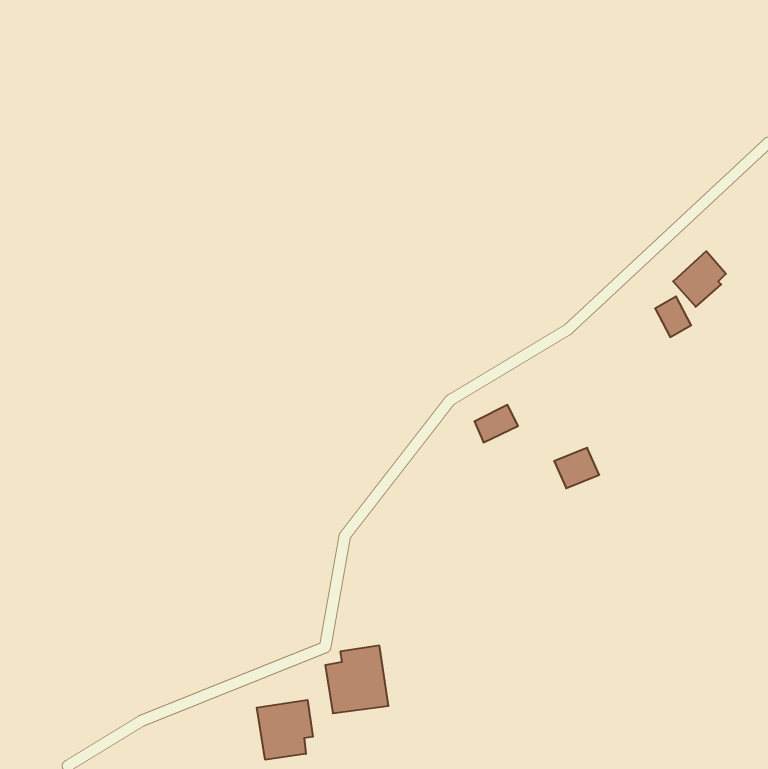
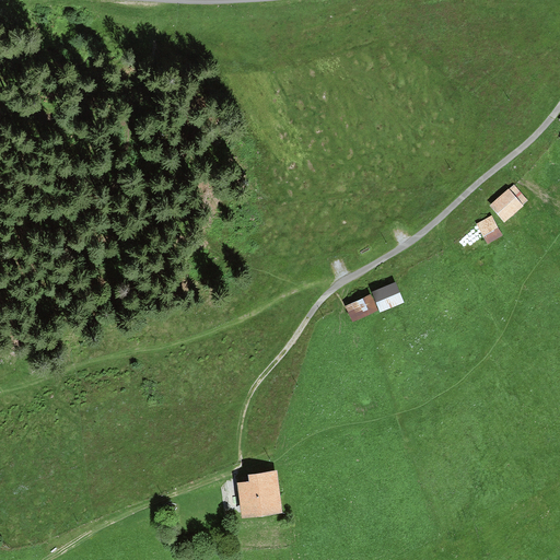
building: [554,448,599,488] -> [371,282,404,312]
building: [257,700,313,760] -> none

